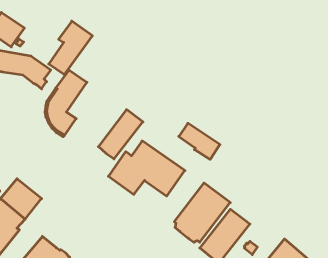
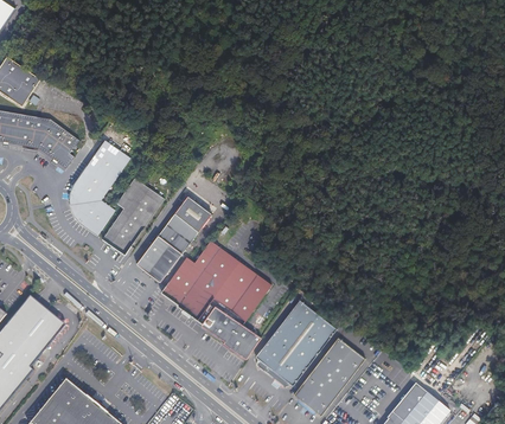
building: [49,21,92,75] -> [102,176,165,253]
building: [179,123,220,159] -> [202,306,261,358]
building: none -> [136,249,170,281]

